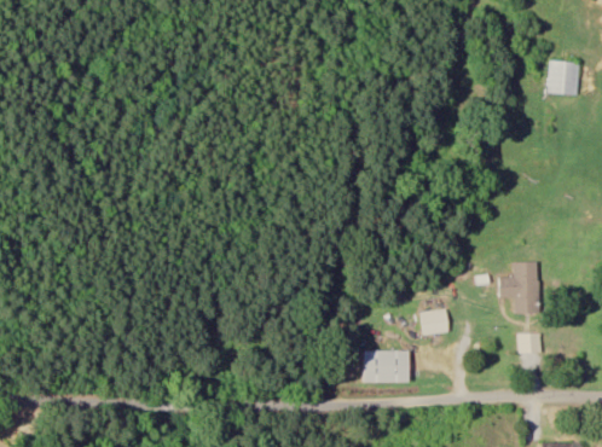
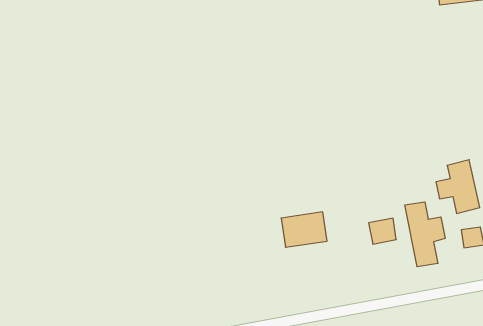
building: none -> [405,202,445,267]
building: [364,352,409,383] -> [281,212,327,247]

